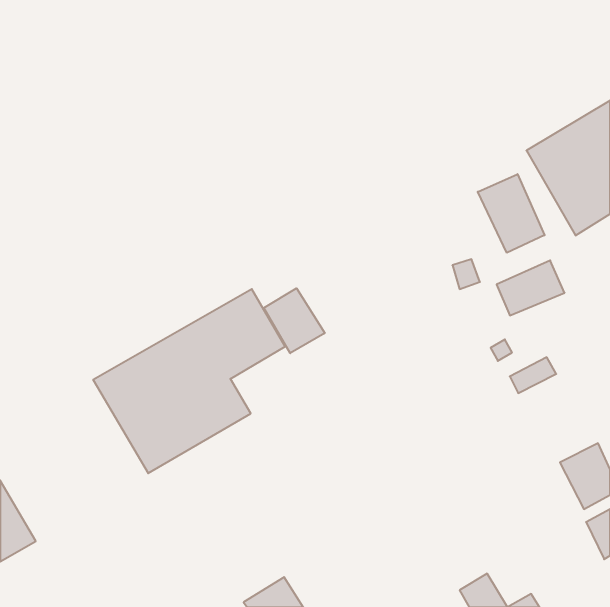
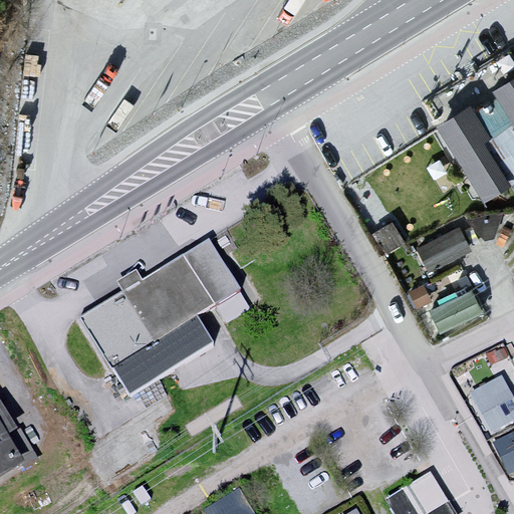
building: [478,174,545,253] -> none
building: [264,288,325,353] -> none

